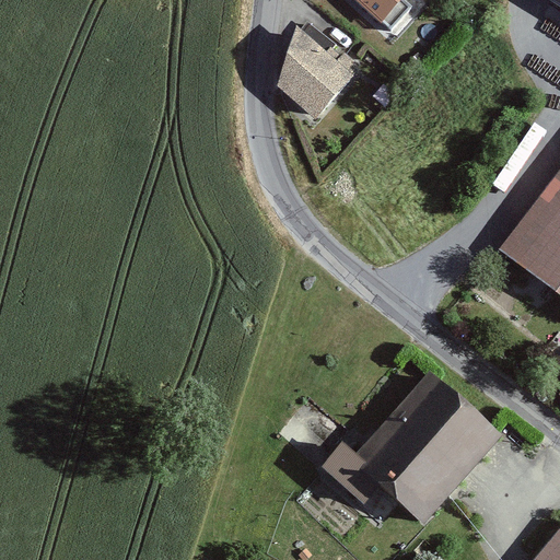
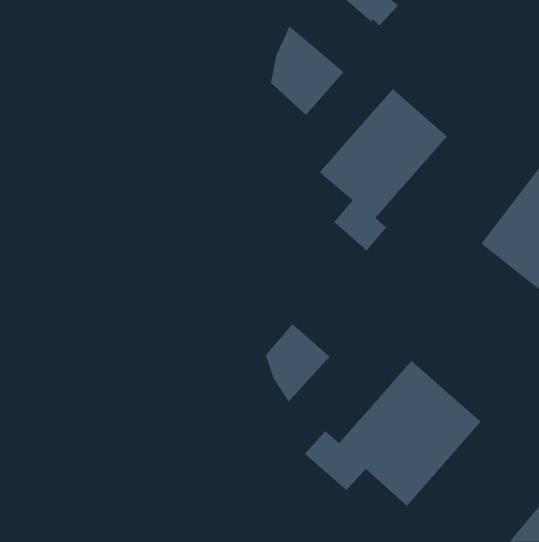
building: none -> [319,88,448,251]
building: none -> [265,323,330,402]

